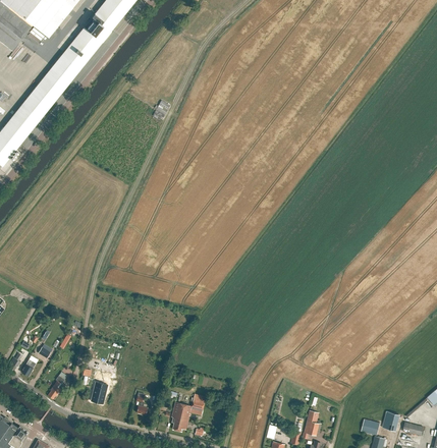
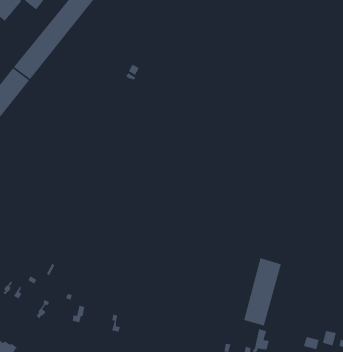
building: none -> [243,257,282,327]
building: [171,393,205,431] -> none

